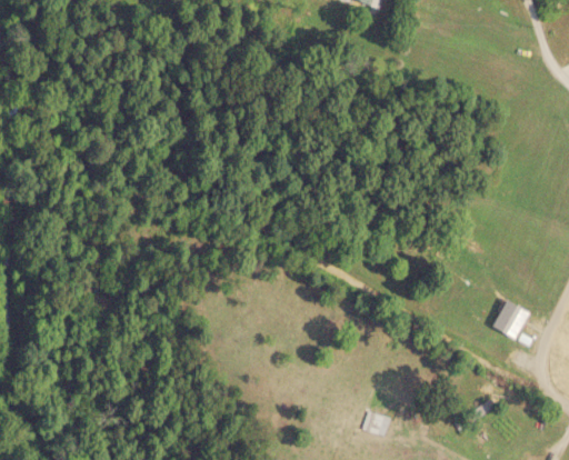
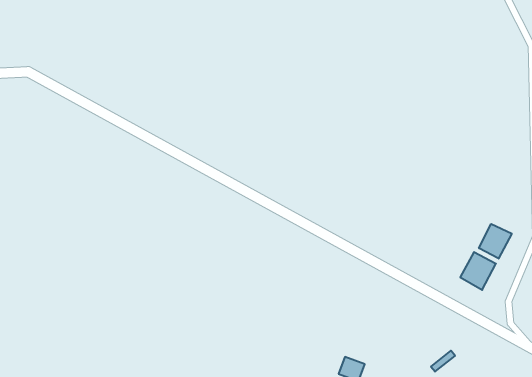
building: none -> [479,224,512,259]

